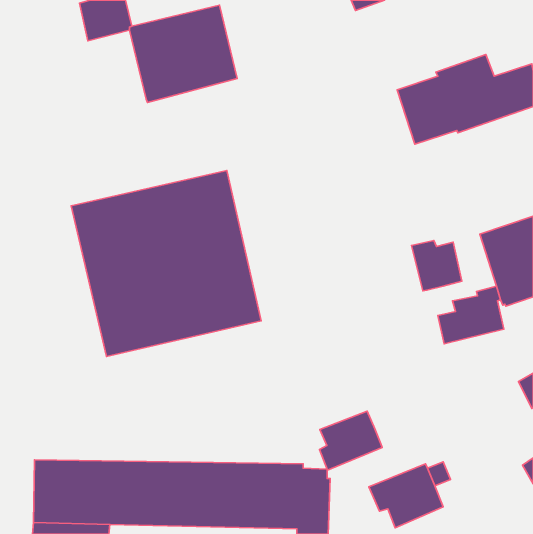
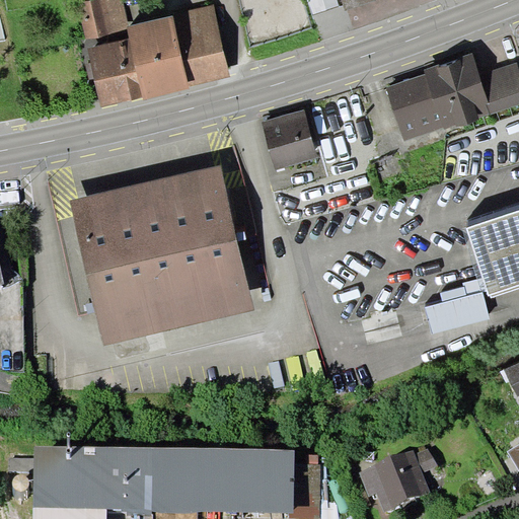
building: none -> [86,39,142,106]
building: none -> [261,109,317,169]
building: [412,240,462,291] -> none
building: [319,411,382,470] -> none

